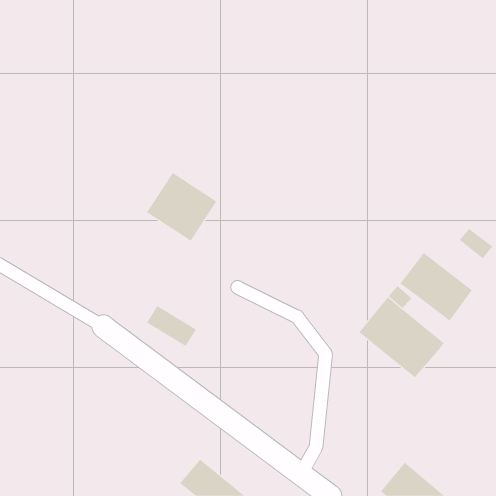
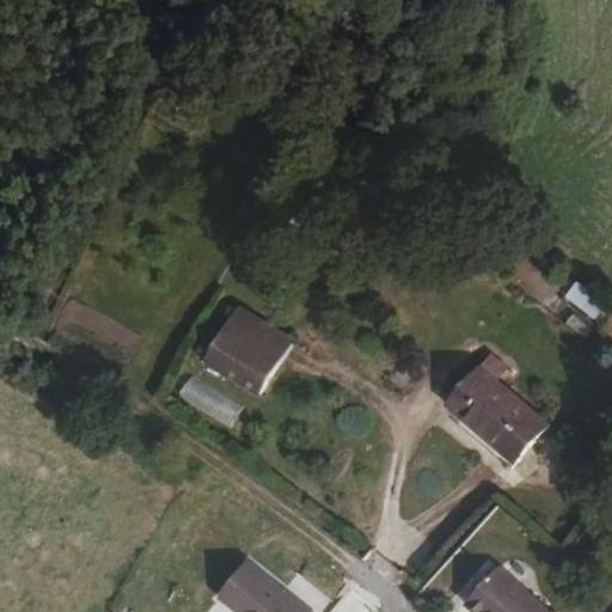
building: [146,172,217,241] -> [204,308,292,393]
building: [399,252,473,321] -> none

